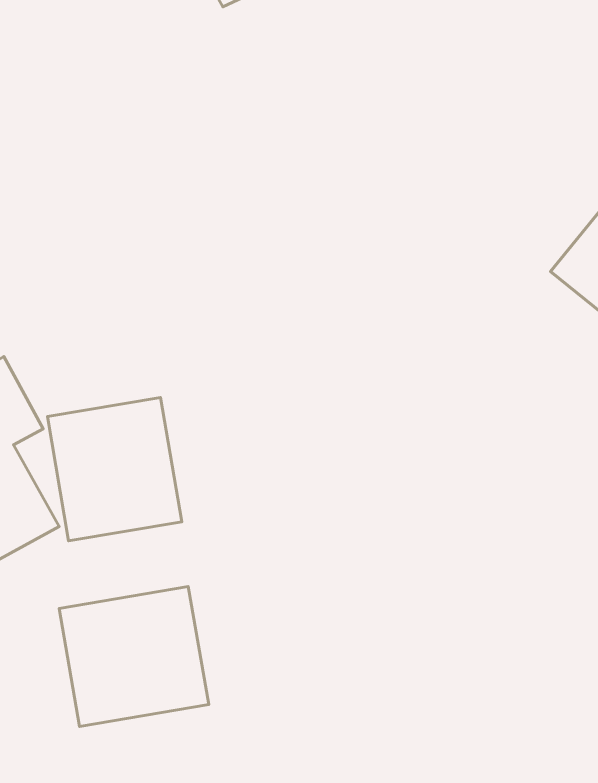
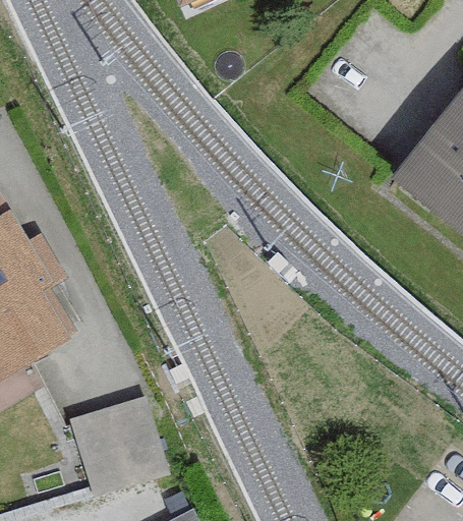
building: [47,398,182,541] -> none

